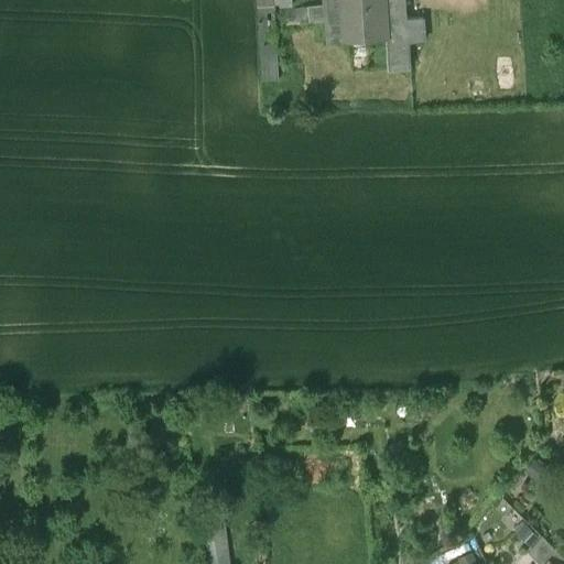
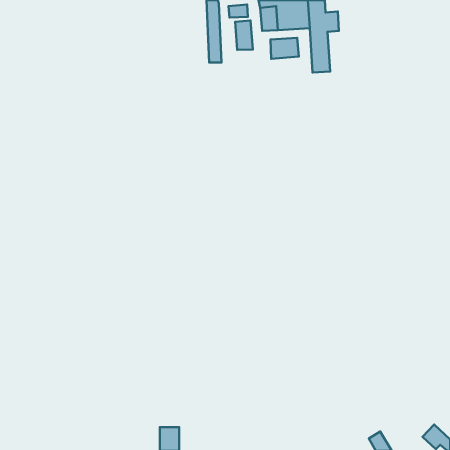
building: none -> [235,20,253,50]
building: none -> [271,38,299,59]

